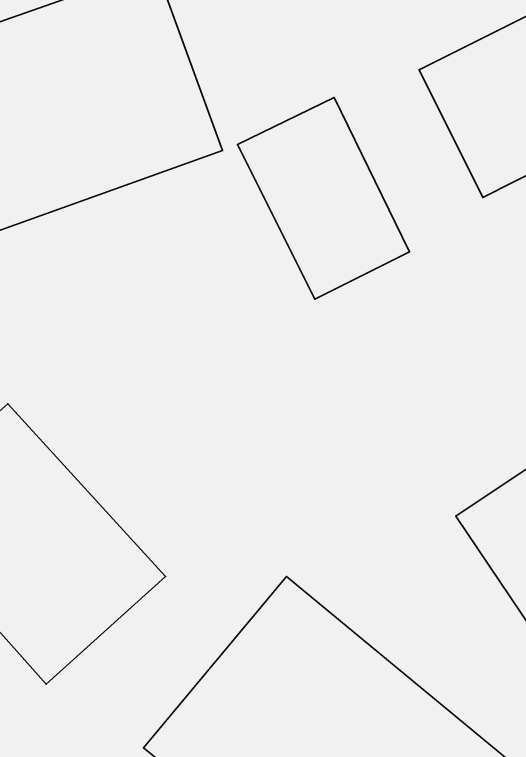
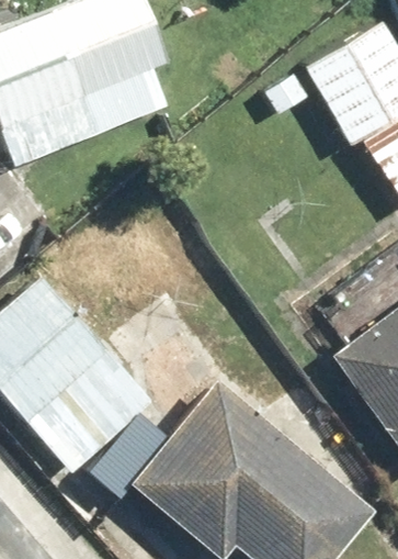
building: [238,97,410,299] -> none

